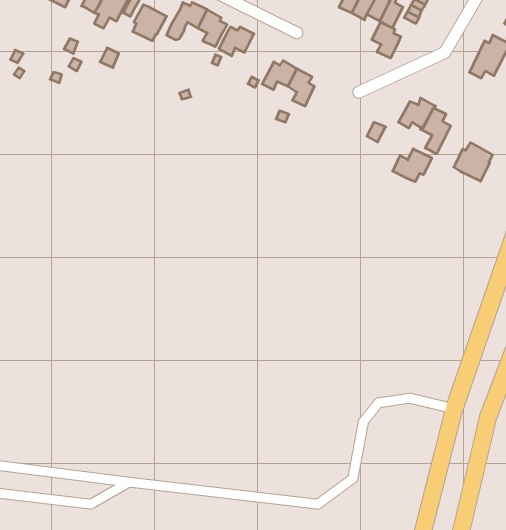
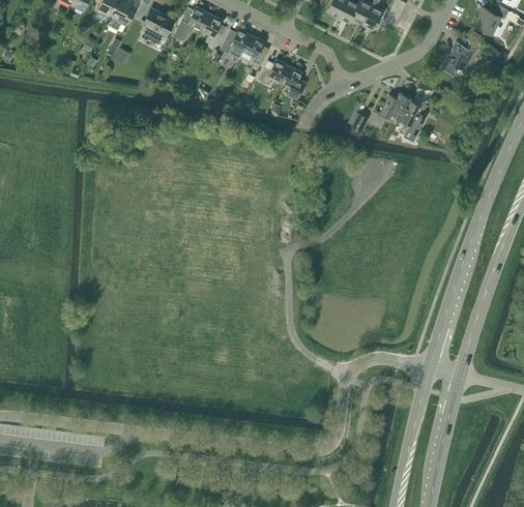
building: [372,22,401,58] -> none
building: none -> [242,35,269,68]
building: [454,143,493,181] -> none
building: [393,149,432,182] -> none

